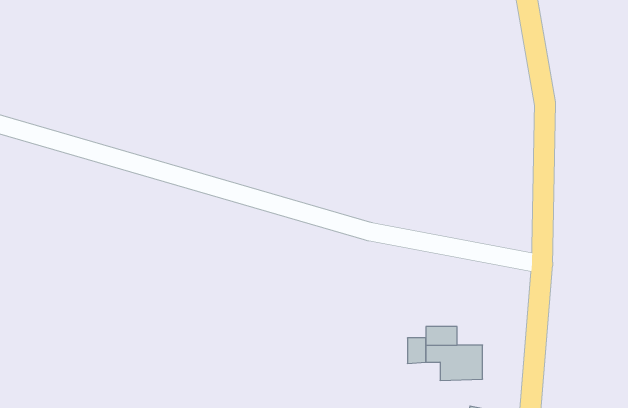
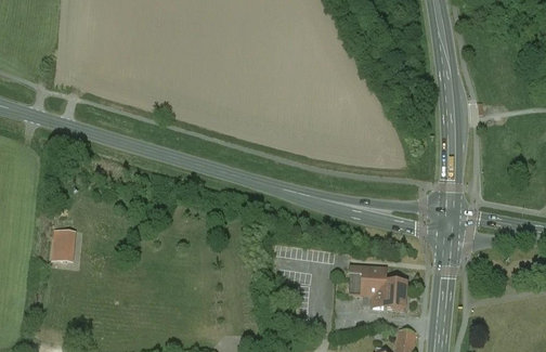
building: none -> [53,229,76,261]

